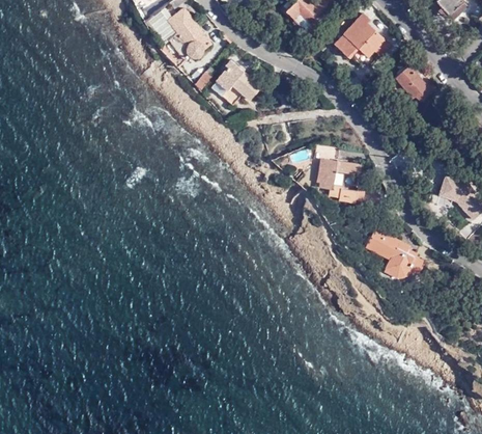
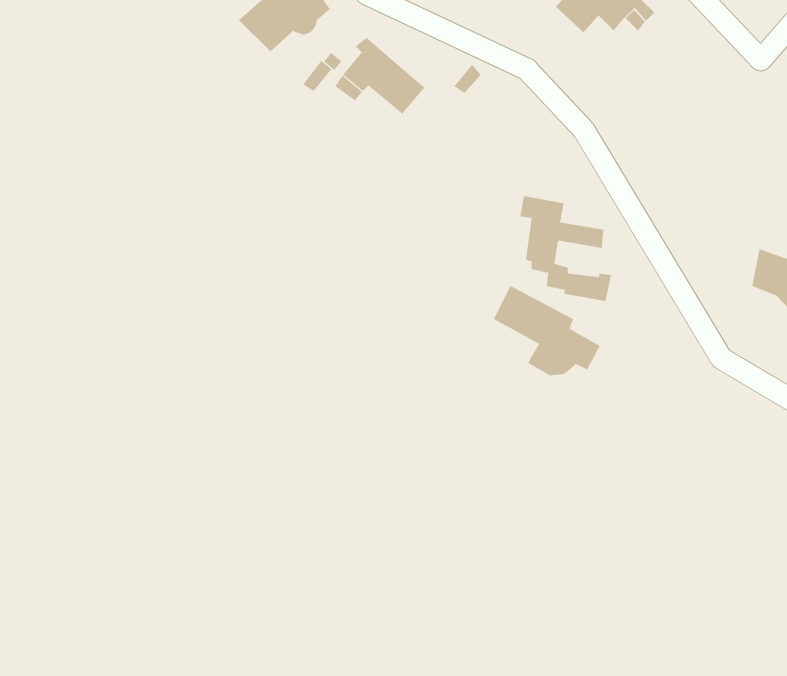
building: [395,64,432,104] -> none
building: [365,228,424,278] -> [493,285,601,376]

